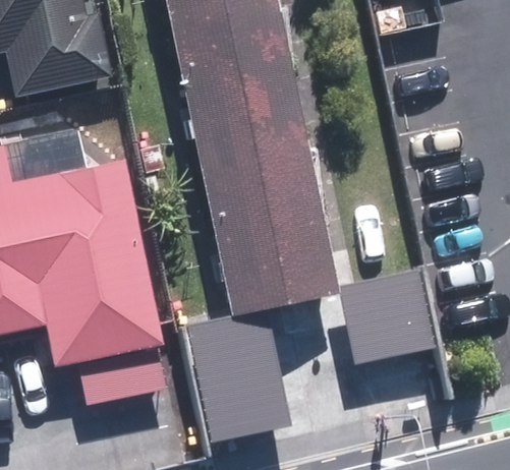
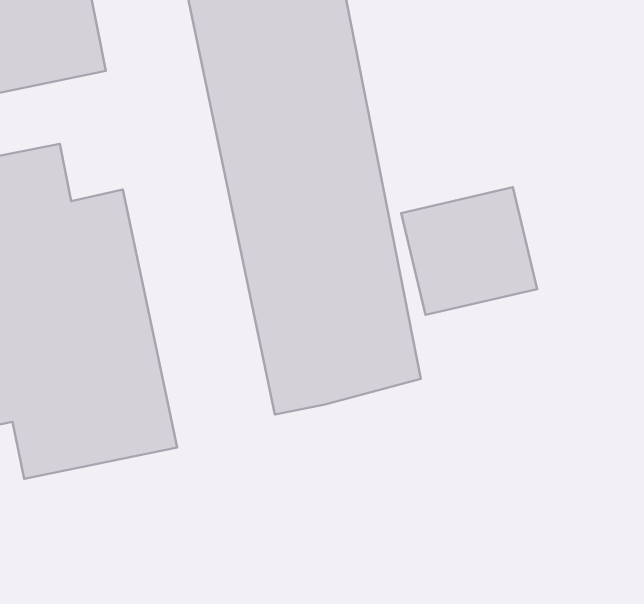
building: [336,274,433,364] -> [401,187,537,315]
building: [186,310,291,442] -> none

